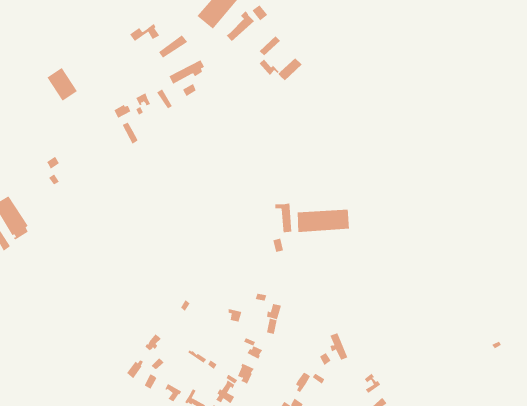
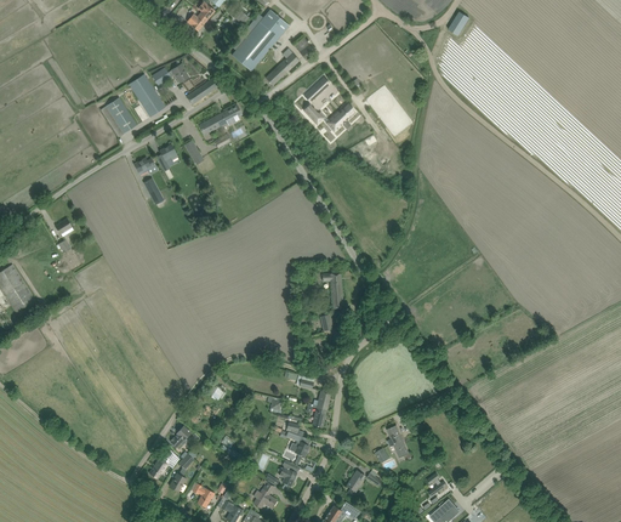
building: none -> [129,74,165,117]
building: [47,67,78,101] -> [101,97,137,137]
building: [297,209,350,233] -> none

